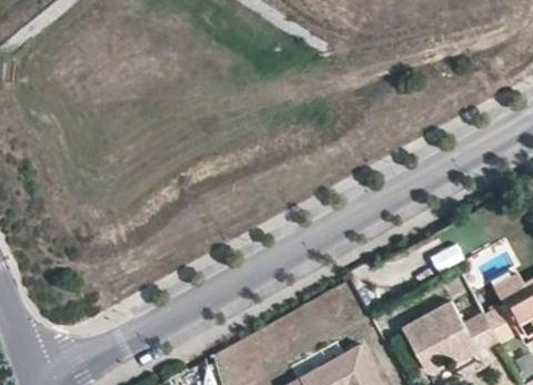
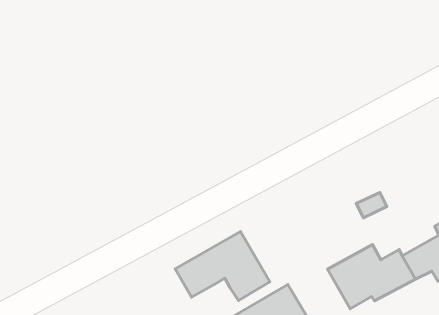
building: none -> [175,231,270,300]

